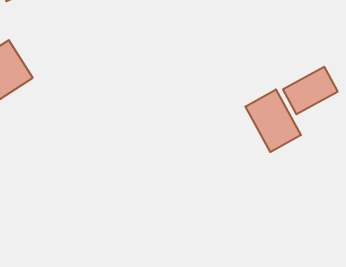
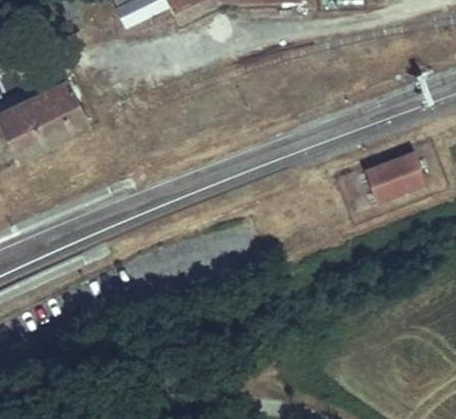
building: [245,89,301,152] -> none

